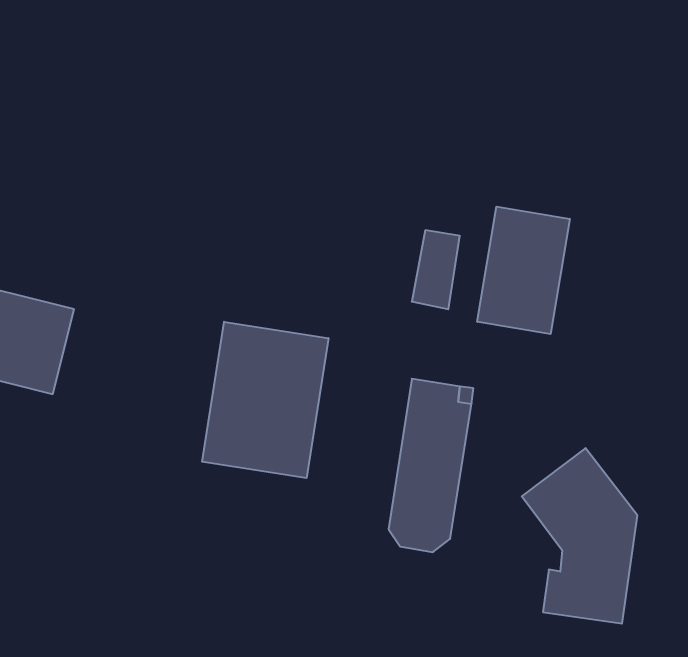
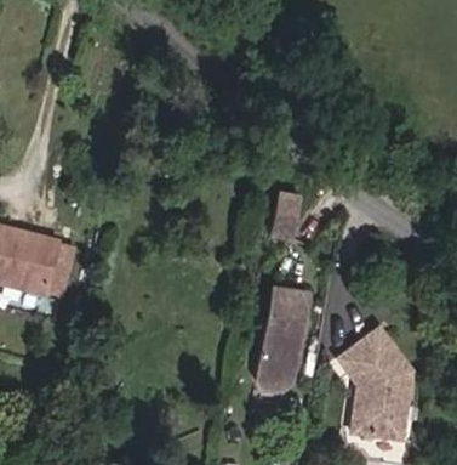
building: [477,207,570,334] -> none
building: [202,322,328,478] -> none

